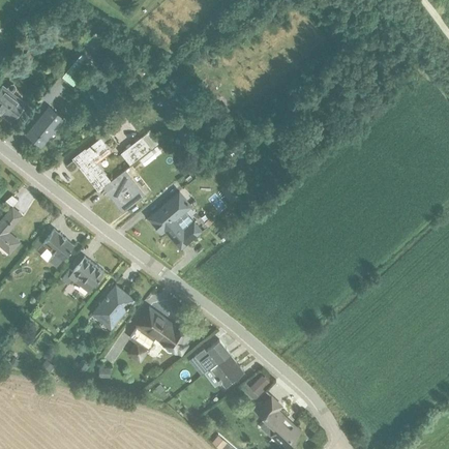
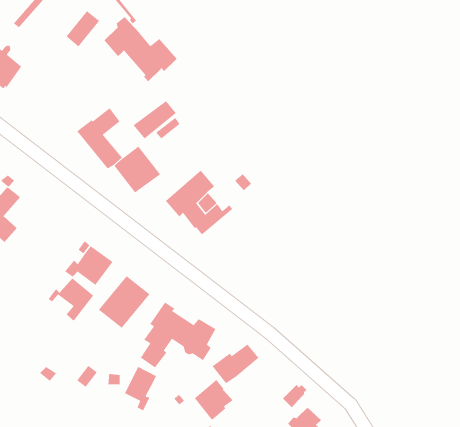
building: none -> [104,16,178,82]
building: [24,104,64,148] -> none
building: [32,228,72,266] -> [47,277,94,322]
building: [209,353,243,389] -> [194,379,233,421]
building: none -> [124,366,157,412]

